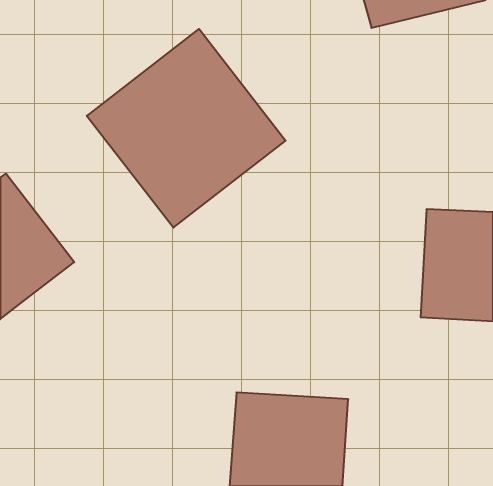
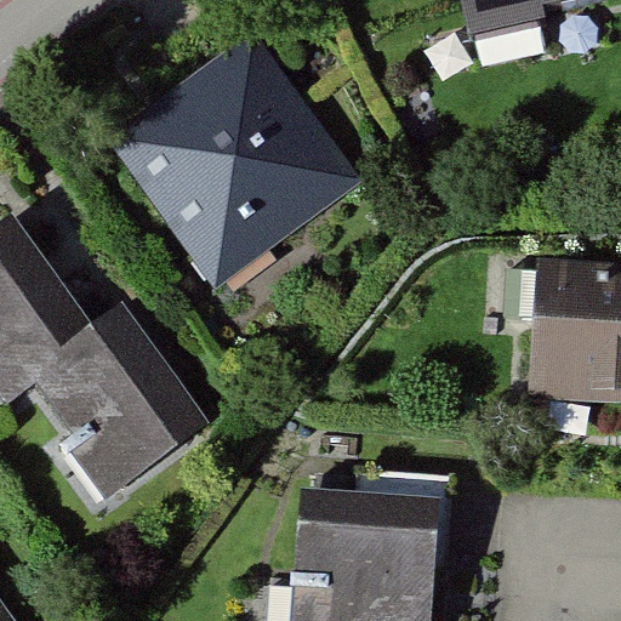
building: none -> [27,306,212,495]

